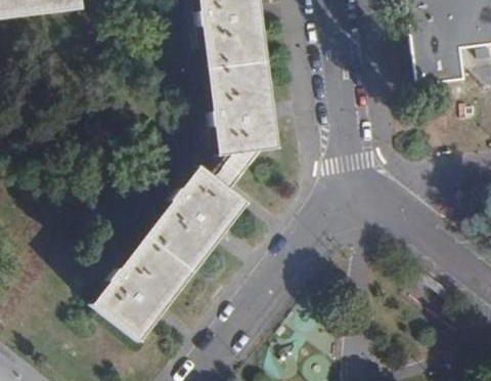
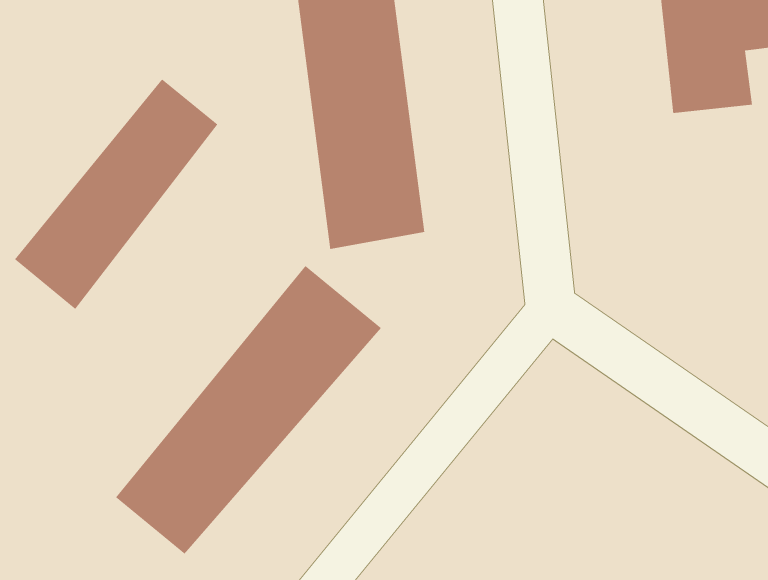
building: none -> [14,79,218,310]

